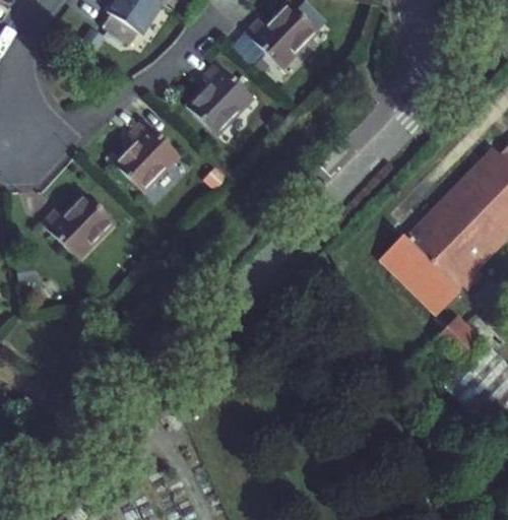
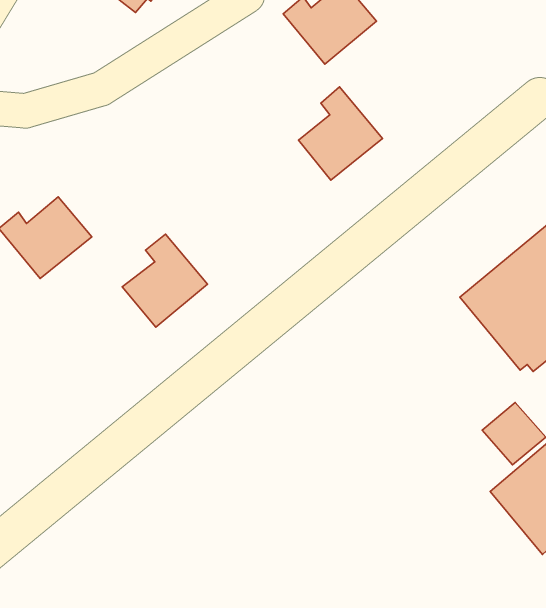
building: [188,61,253,134] -> [298,87,382,180]
building: [113,119,179,192] -> [122,234,207,327]
building: [379,236,459,315] -> none

